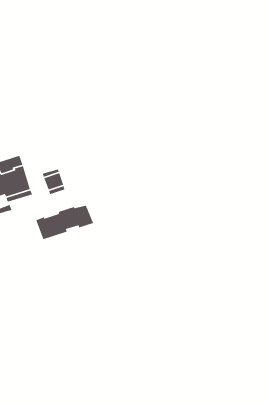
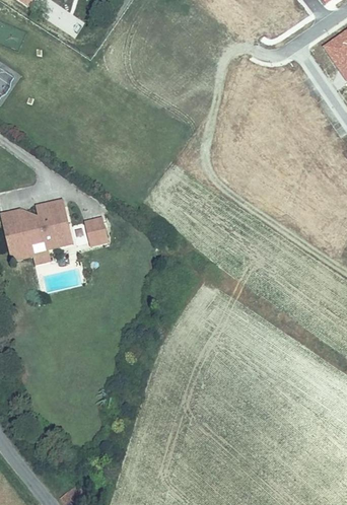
building: [35,205,94,240] -> none

